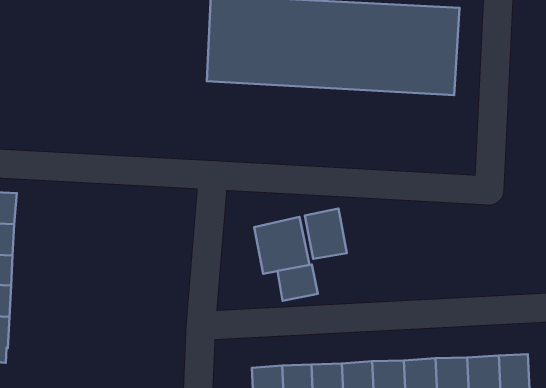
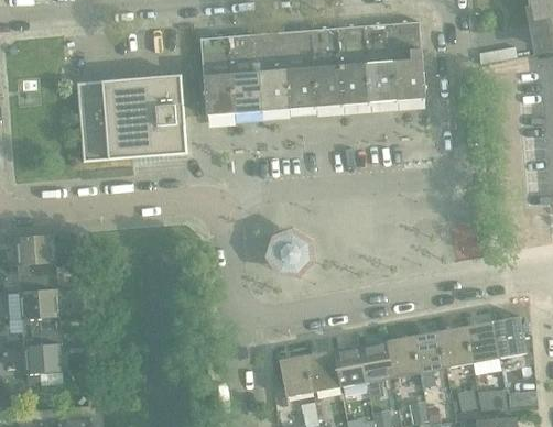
building: none -> [76,74,186,162]
building: [305,209,347,259] -> none
building: [277,265,318,301] -> none

